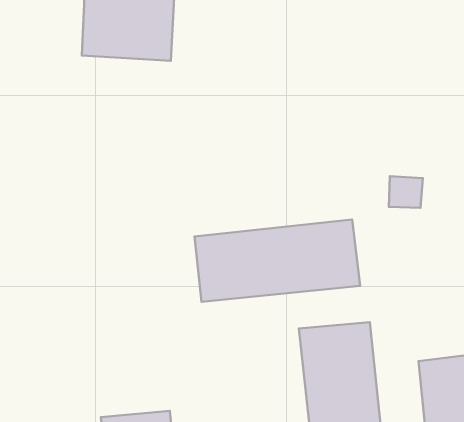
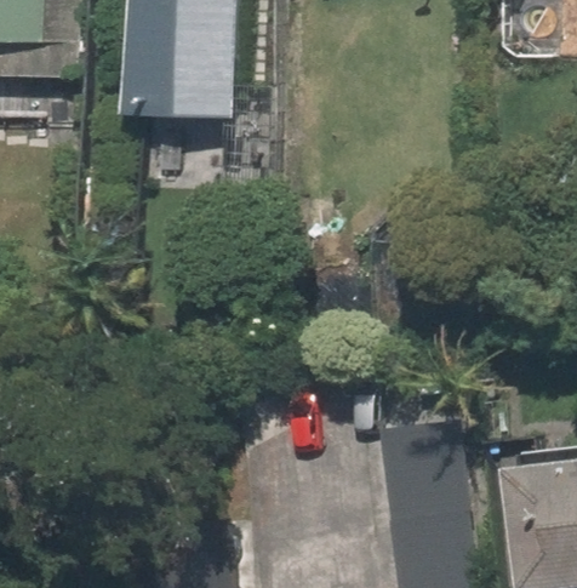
building: [195,219,360,302] -> none

